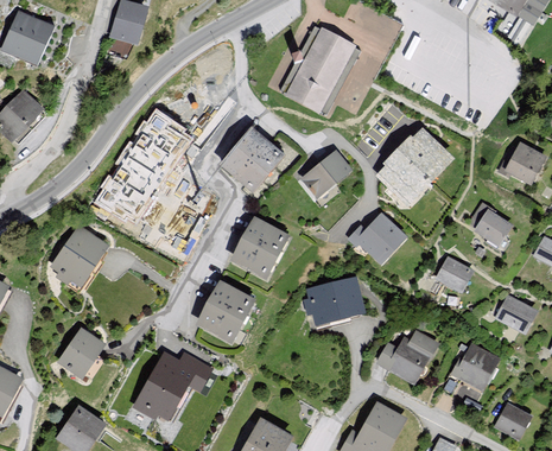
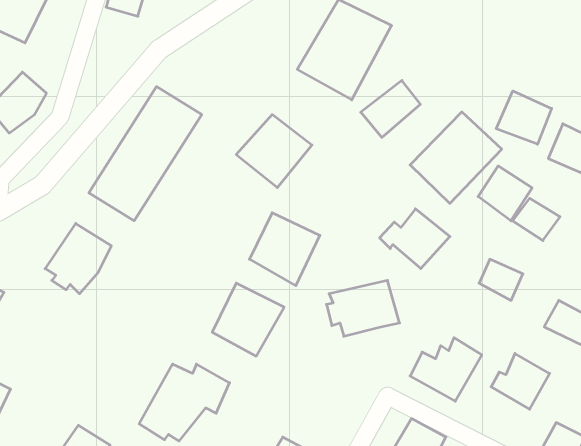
building: none -> [496,91,552,144]
building: [299,150,353,201] -> [361,80,420,137]
building: none -> [478,166,532,221]
building: [56,329,107,380] -> none

